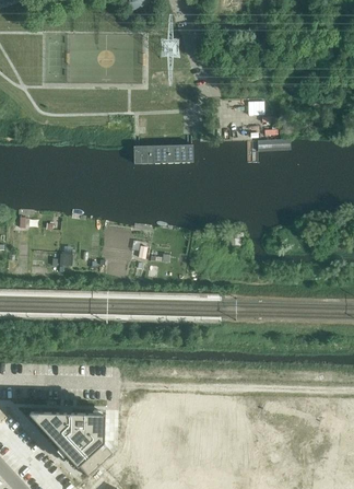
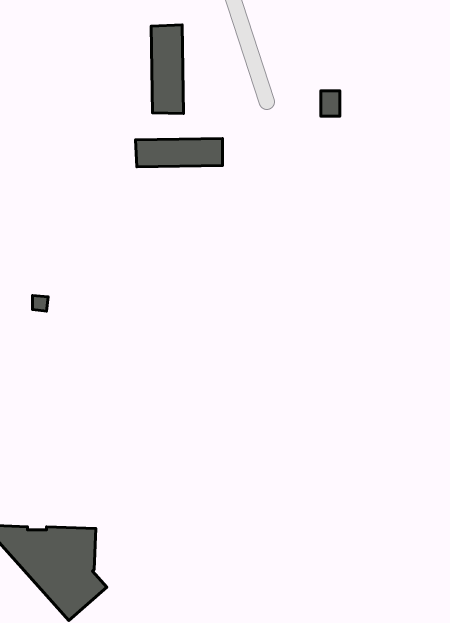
building: none -> [151,25,184,113]

